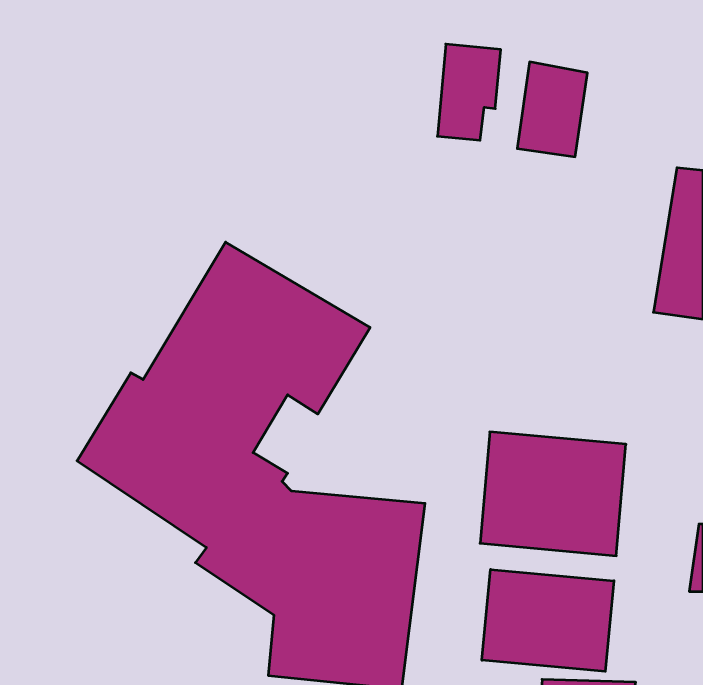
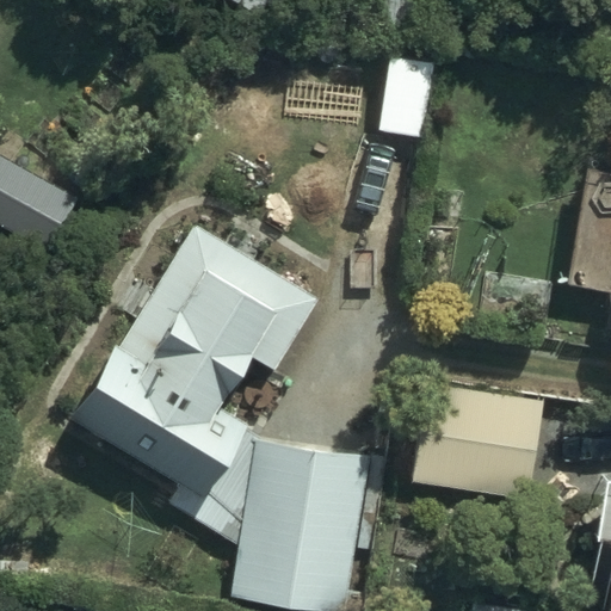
building: [482,569,614,671] -> none

